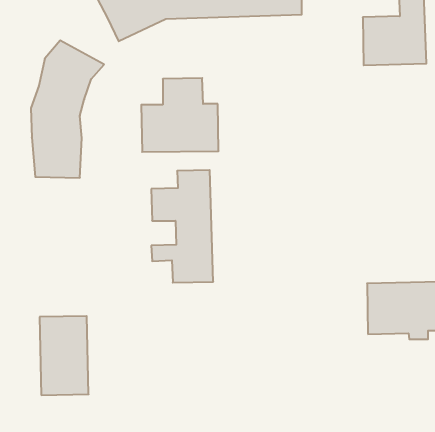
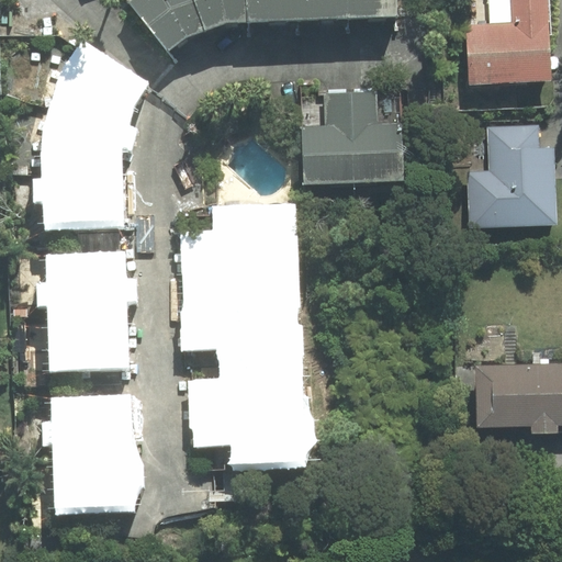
building: [141,78,219,152] -> [299,90,397,184]
building: none -> [480,124,557,223]
building: none -> [52,265,114,363]
building: none -> [206,370,289,462]

